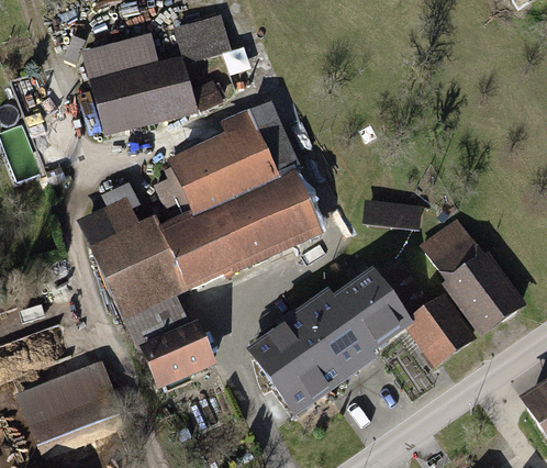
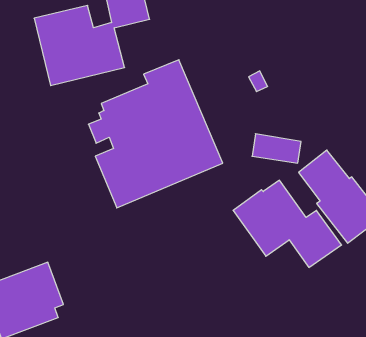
building: [79,183,219,392] -> none
building: [241,285,380,415] -> none

